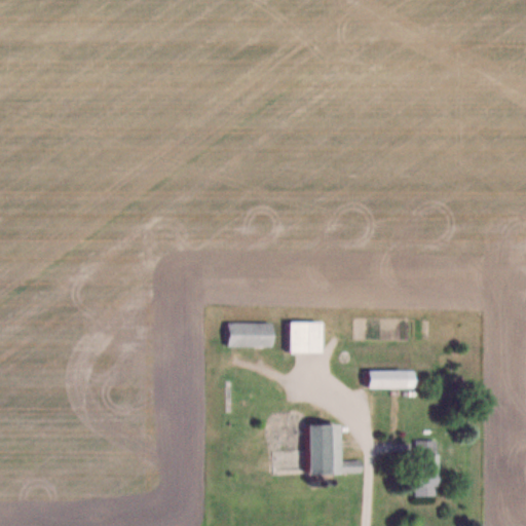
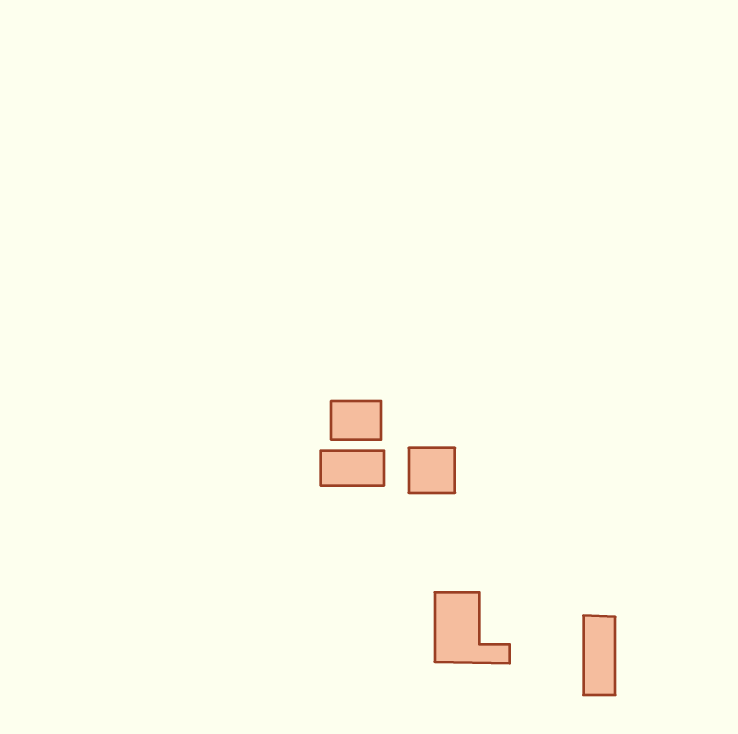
building: none -> [331,401,381,440]
building: [368,371,409,388] -> none

